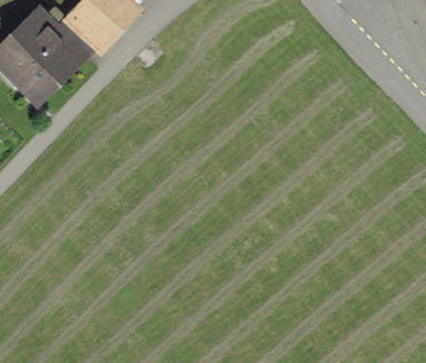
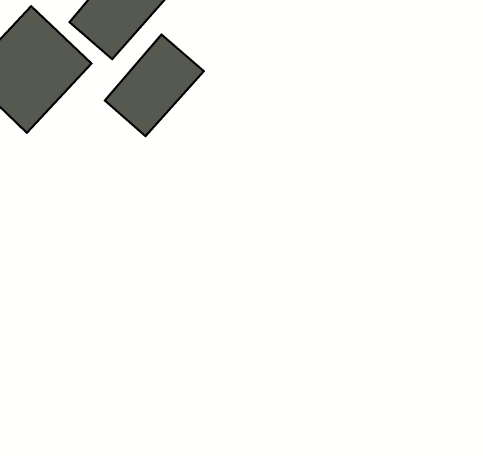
building: none -> [105,34,204,136]

